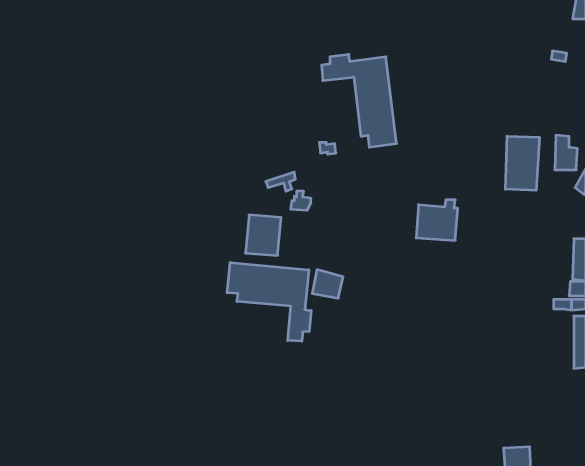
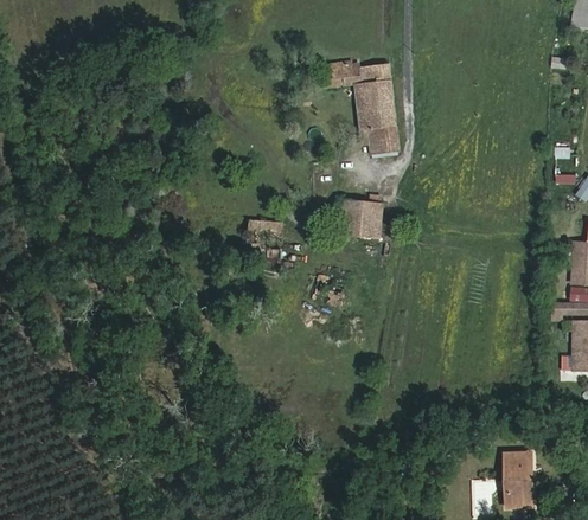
building: [505,136,539,190] -> none
building: [416,200,458,240] -> [340,195,382,236]
building: [227,262,311,341] -> none

